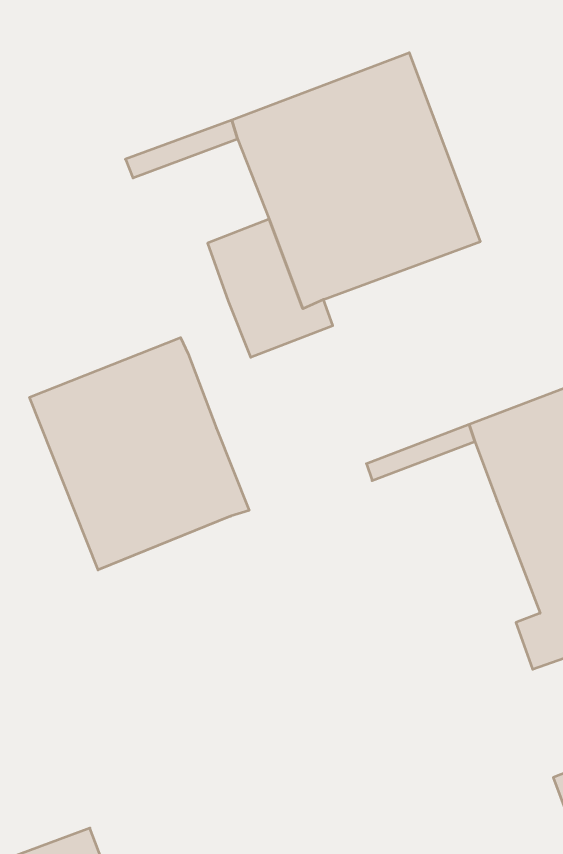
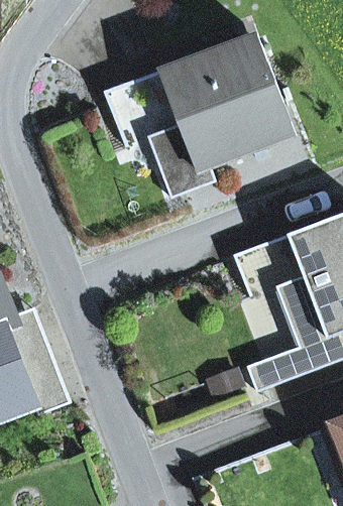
building: [30,338,249,570] -> none
building: none -> [246,275,327,391]

